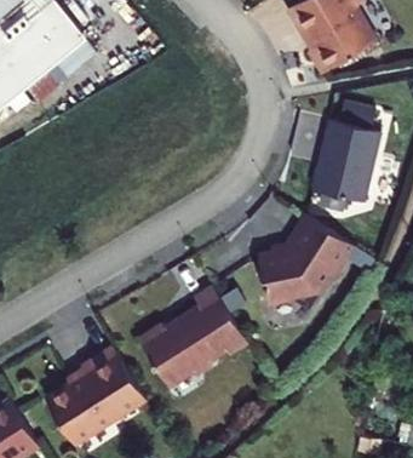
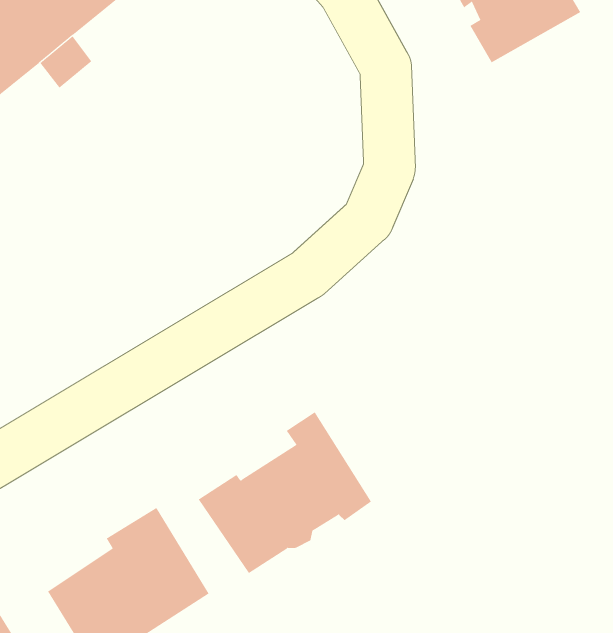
building: [311,122,379,204] -> none
building: [256,217,350,308] -> none

